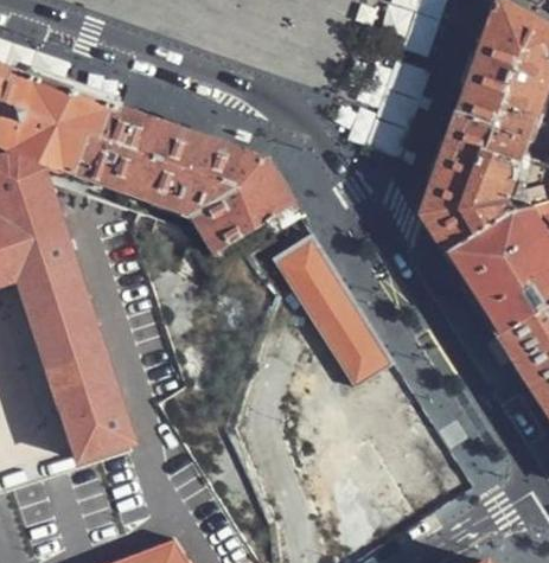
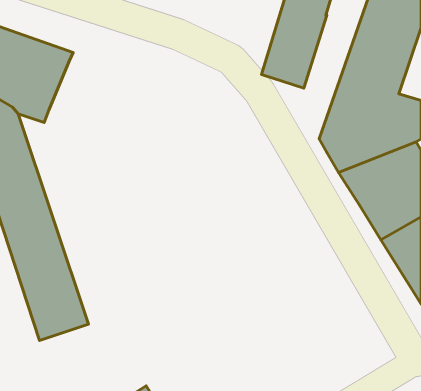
building: [88,107,294,256] -> none
building: [270,237,391,386] -> none

